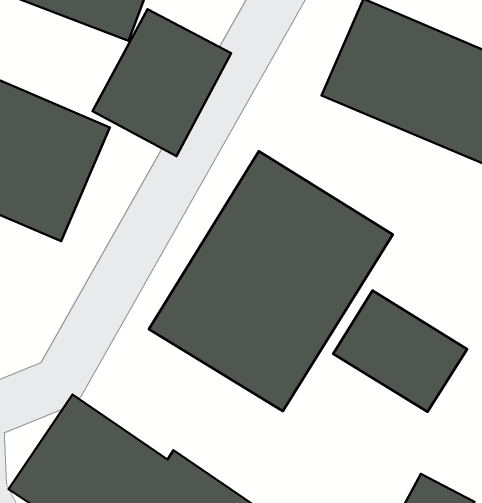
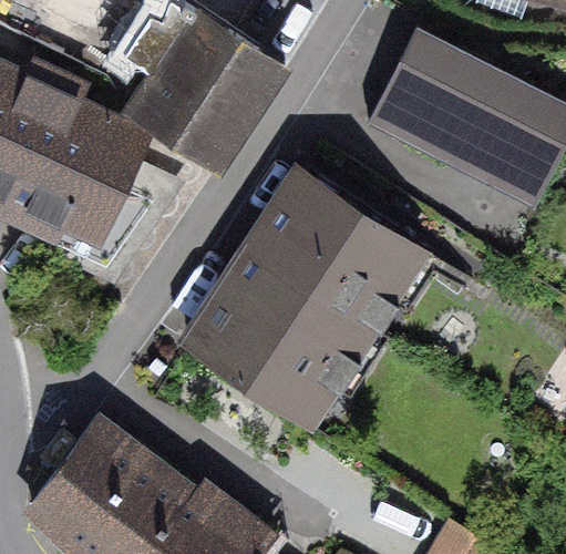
building: [333,290,467,412] -> none

